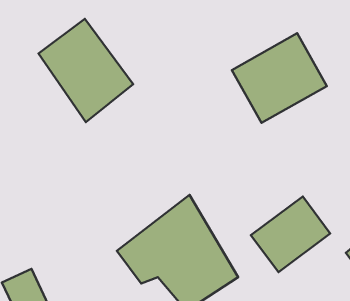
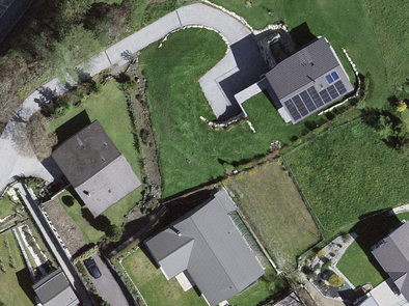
building: [38,19,133,122] -> [48,120,141,222]
building: [251,197,330,272] -> none

